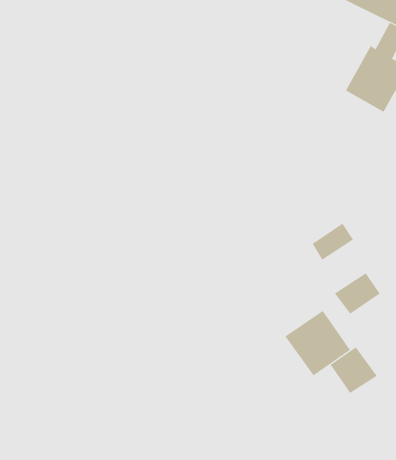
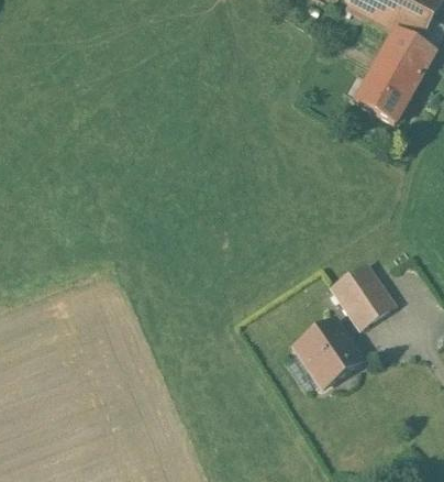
building: [312,223,354,260] -> [334,266,376,304]
building: [330,347,377,394] -> none

